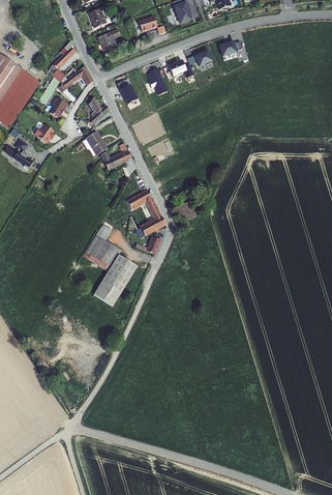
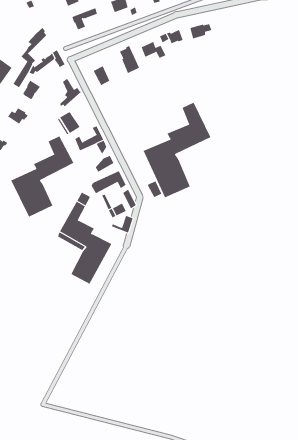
building: none -> [143,102,211,198]
building: none -> [10,135,74,217]

